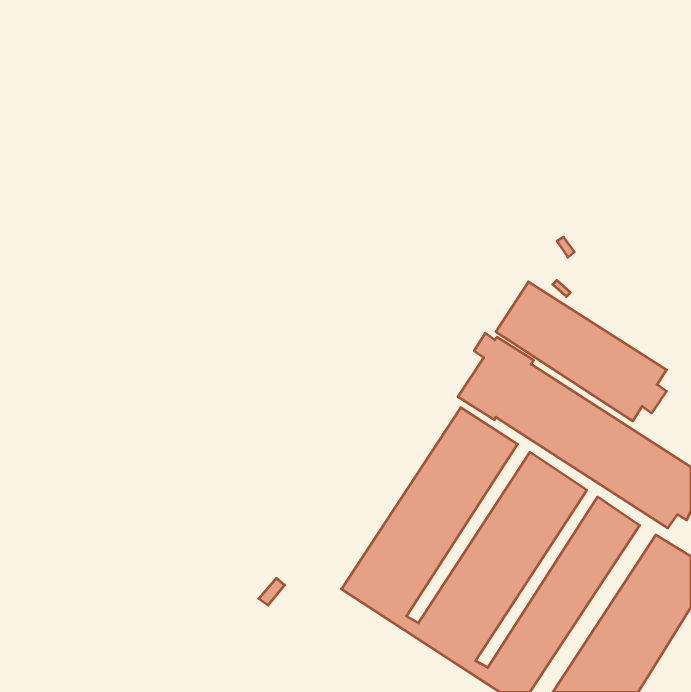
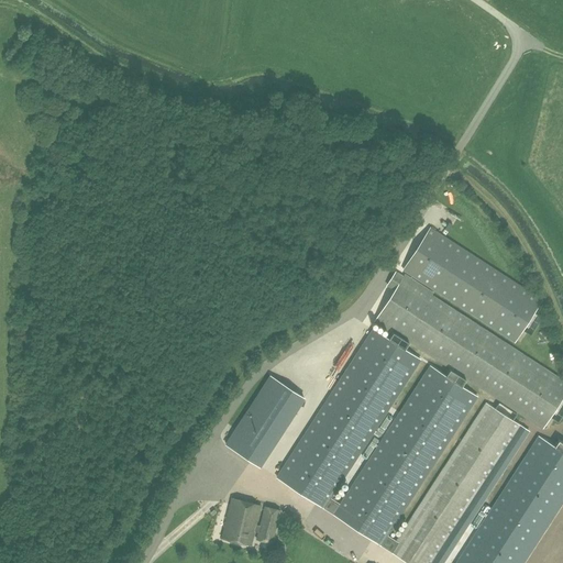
building: none -> [225,376,305,467]
building: none -> [221,498,278,545]

